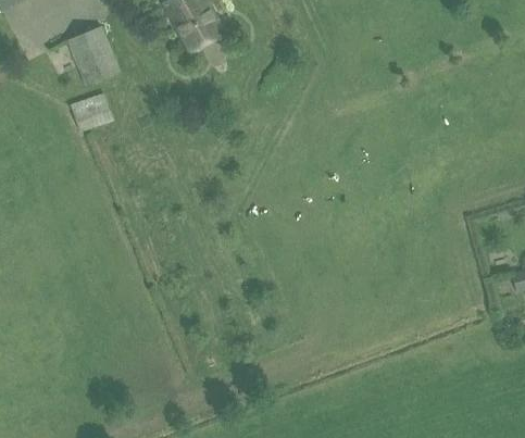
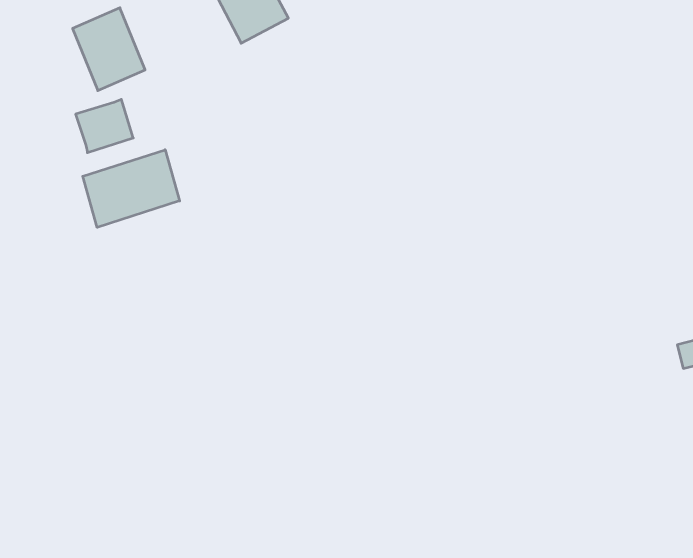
building: none -> [83,150,180,227]

